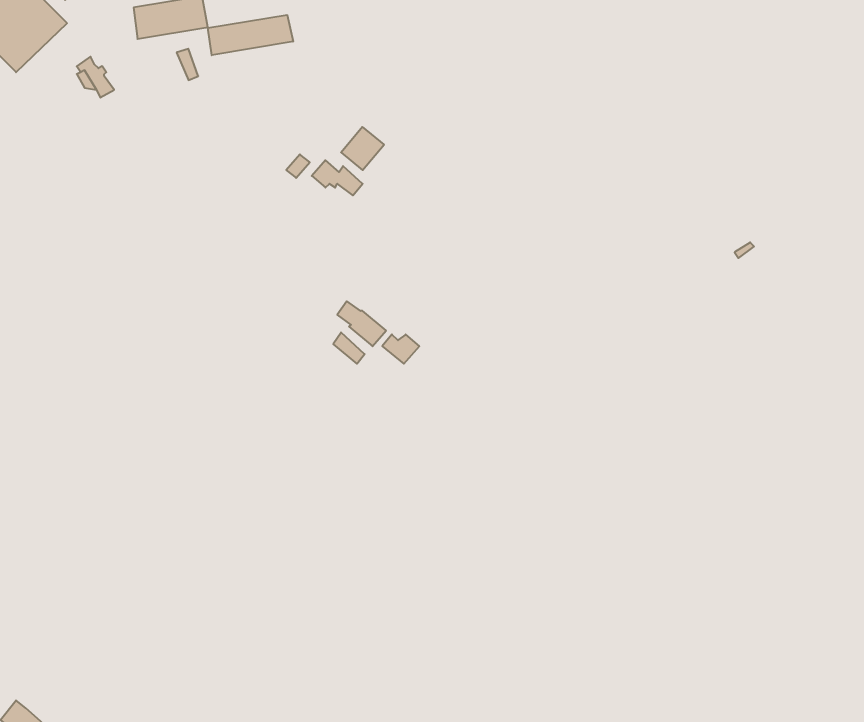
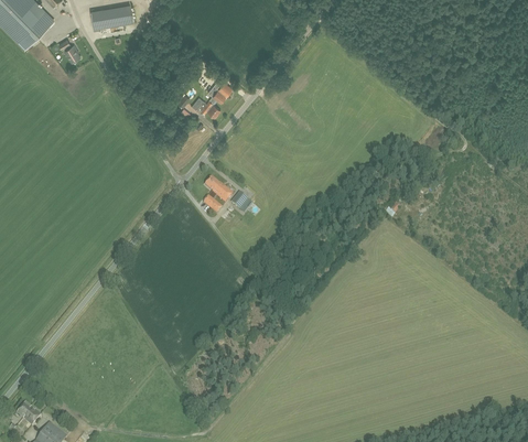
building: [208,15,293,55] -> none

